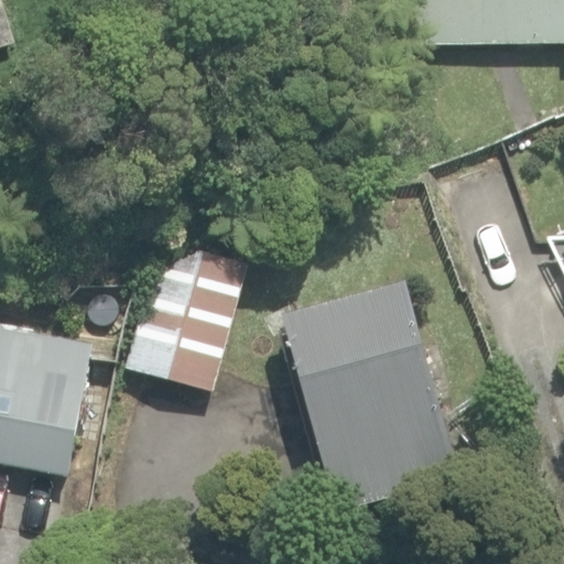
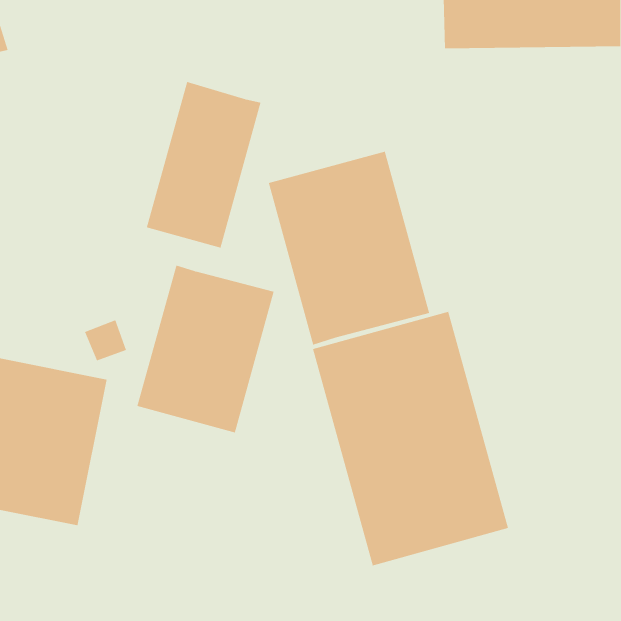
building: none -> [146,81,261,249]
building: none -> [268,151,430,345]

